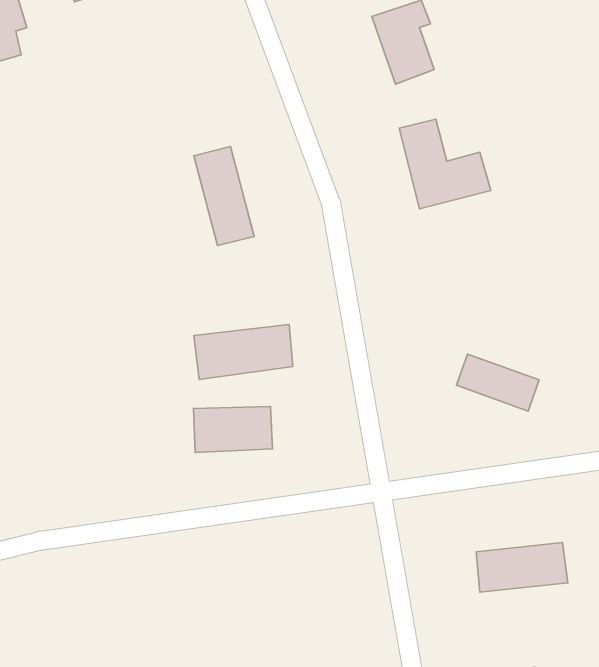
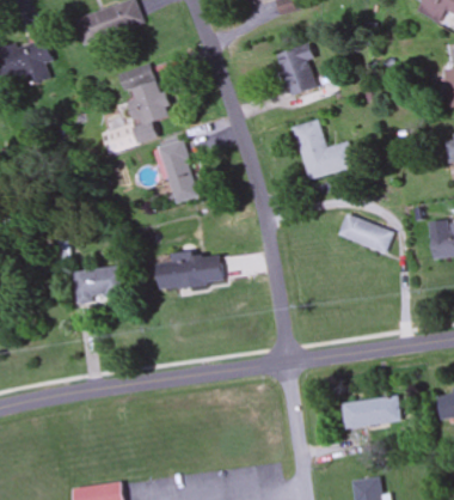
building: none -> [105,62,170,152]
building: [457,354,539,411] -> [336,215,389,252]
building: [193,407,272,452] -> [75,267,127,297]

